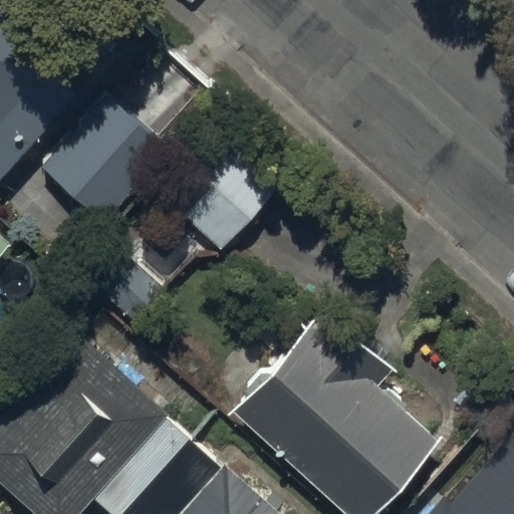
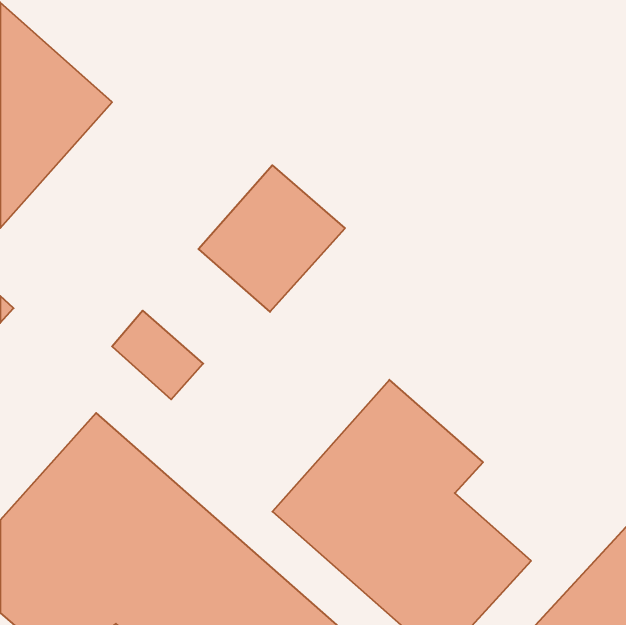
building: [41,93,179,230] -> none

